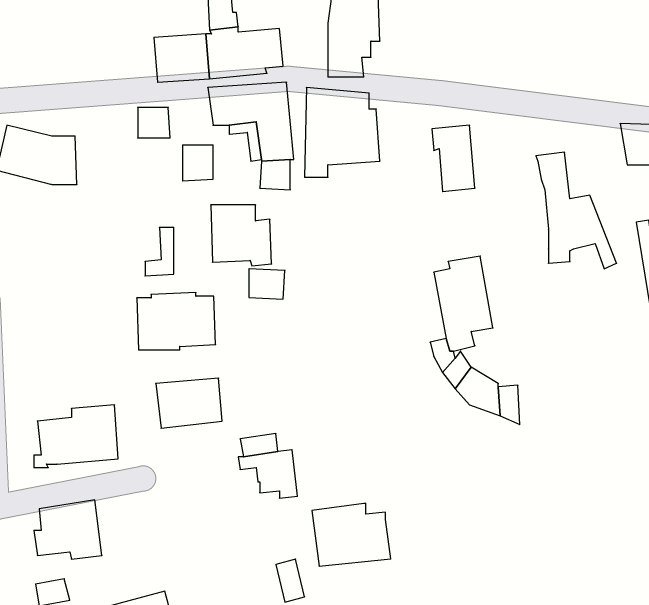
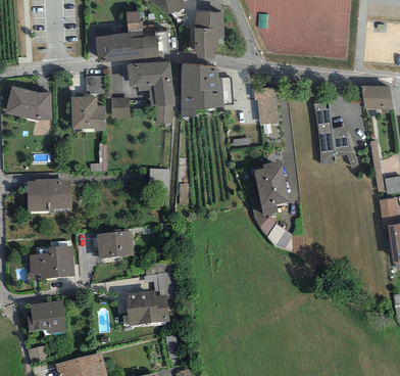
building: [211,205,272,266] -> [70,96,105,131]
building: [137,293,216,350] -> [27,178,71,210]
building: [312,503,391,566] -> [124,289,169,325]

